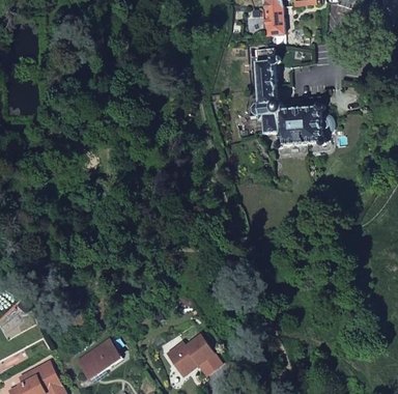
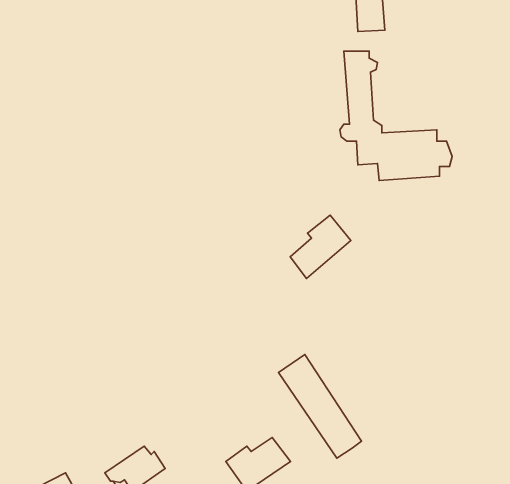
building: none -> [290,215,351,278]
building: none -> [279,354,362,458]

